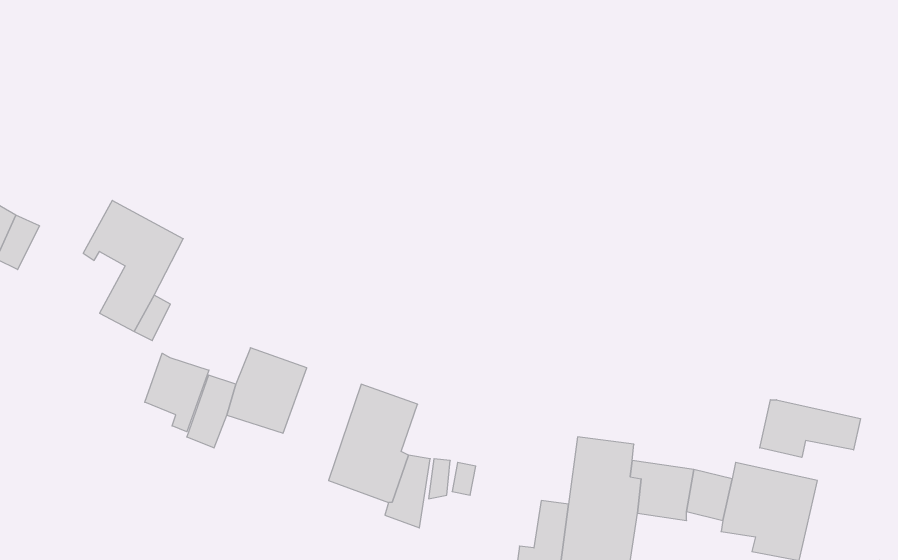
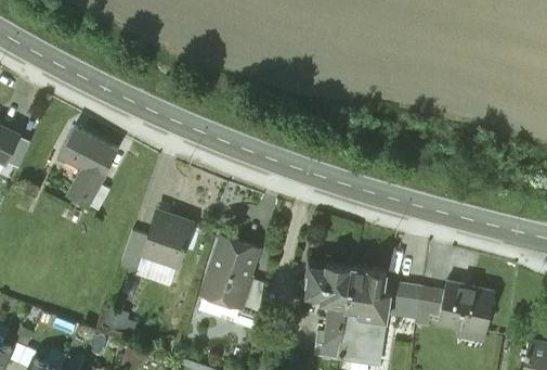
building: [145,353,209,432] -> none
building: [760,400,860,457] -> none
building: none -> [304,264,352,308]

